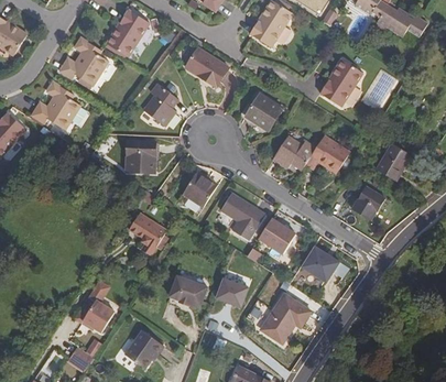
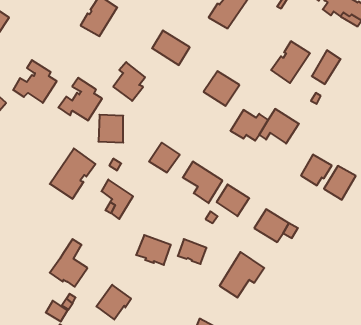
building: [59,36,108,84] -> [58,78,102,120]
building: [376,143,411,181] -> [324,166,356,200]
building: none -> [50,148,95,199]

